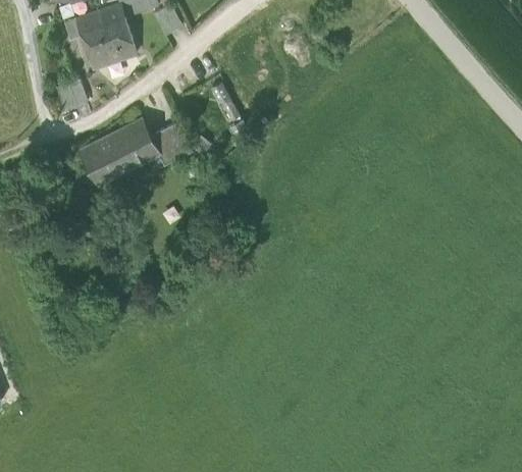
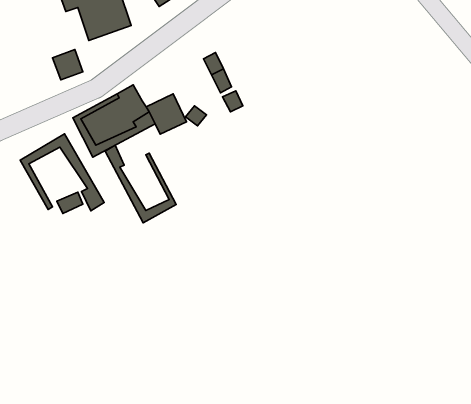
building: none -> [20,134,104,211]
building: none -> [105,145,176,223]

